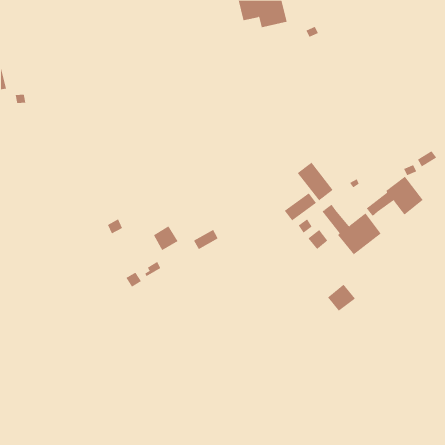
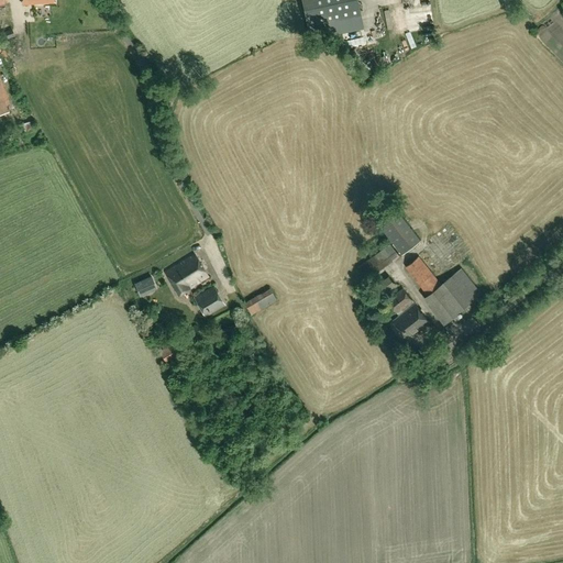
building: [366,176,424,217] -> none
building: none -> [166,254,208,295]
building: [327,284,356,312] -> [394,303,430,339]

